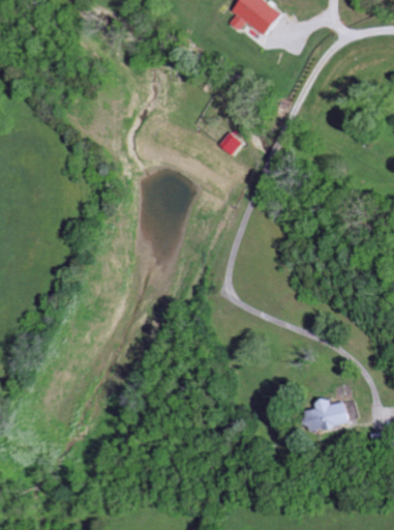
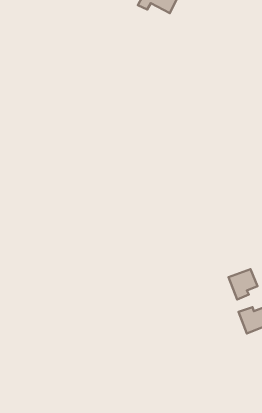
building: none -> [229,269,257,300]

